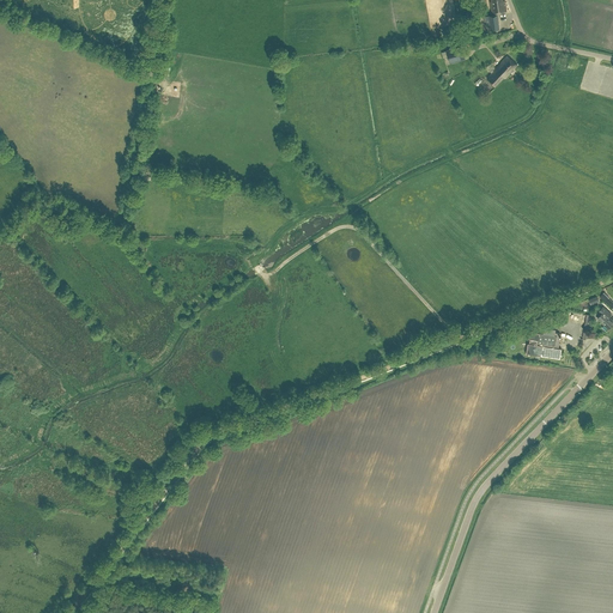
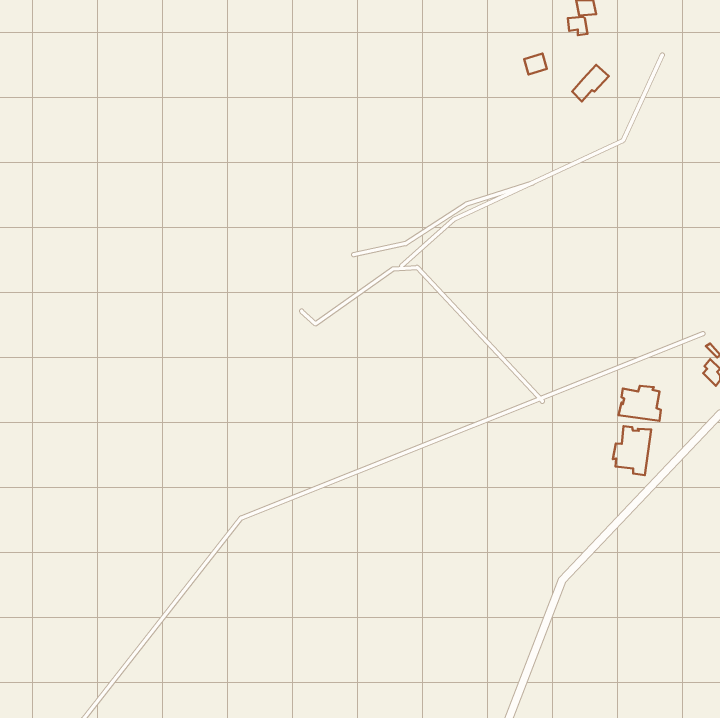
building: none -> [613,426,651,475]

